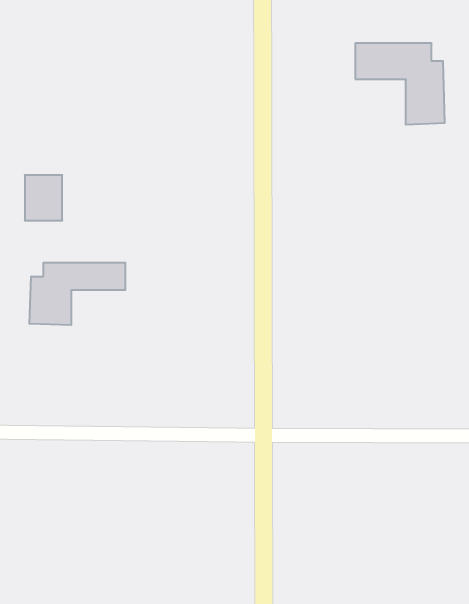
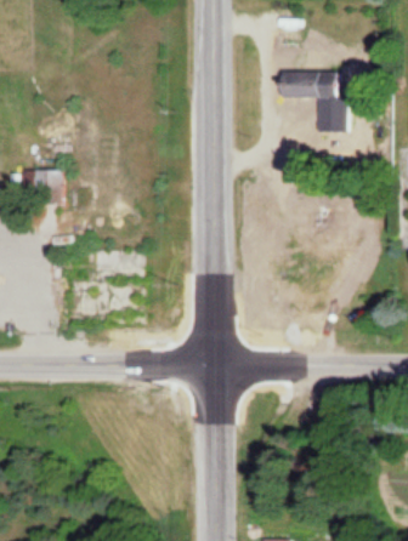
building: [30,263,125,325] -> none

